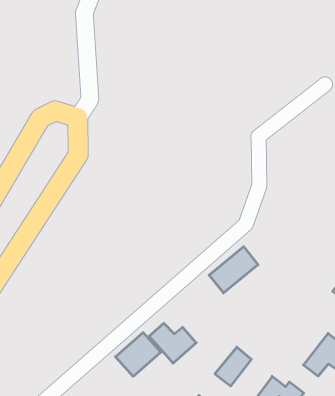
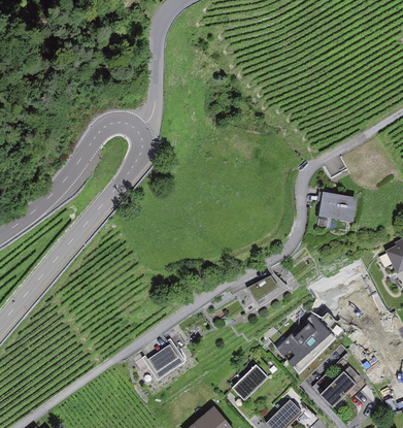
building: none -> [310,195,345,224]
building: none -> [280,314,334,366]
building: [149,323,196,363] -> none

